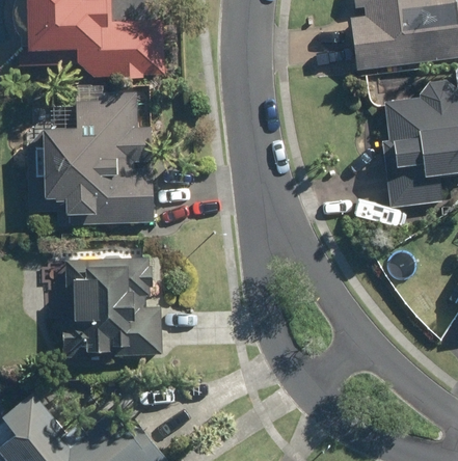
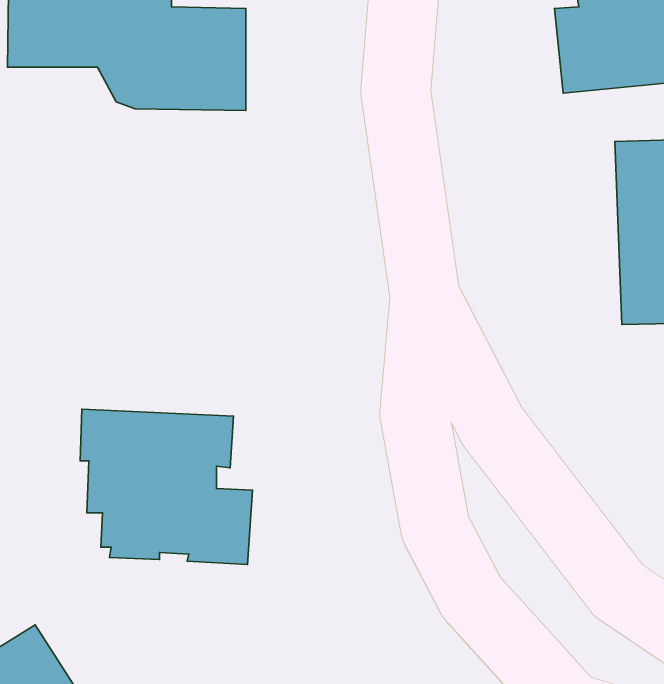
building: [35,101,155,223] -> none

